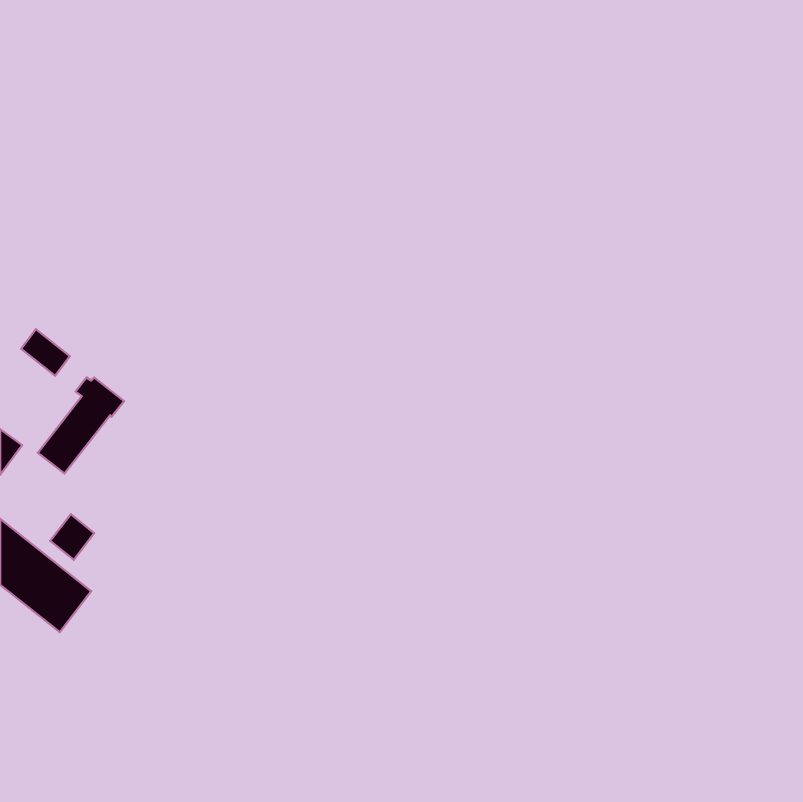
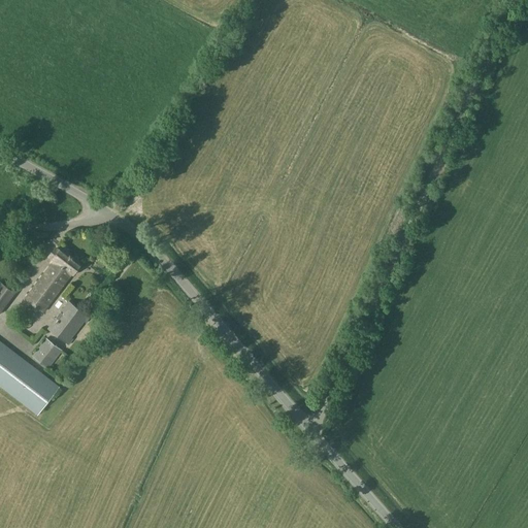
building: [21,329,70,376] -> none
building: none -> [47,301,89,344]

